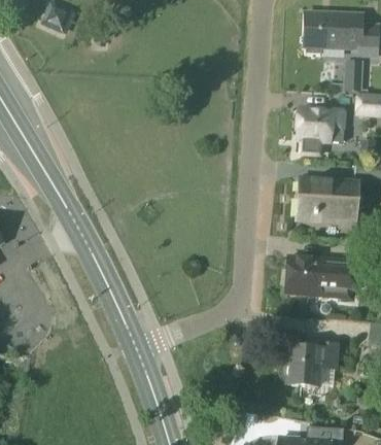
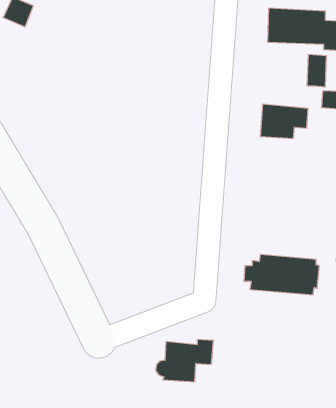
building: [299,179,359,222] -> none
building: [280,344,338,386] -> [156,340,214,382]

